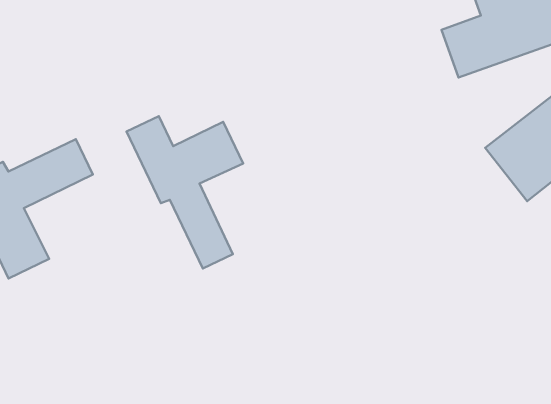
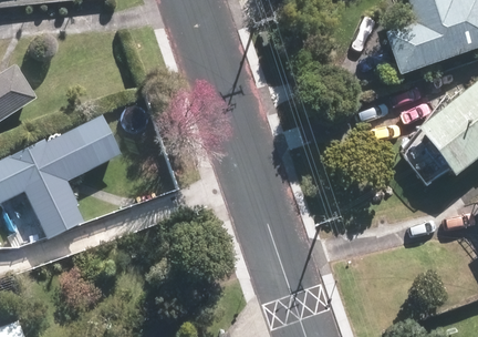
building: [126,116,243,268] -> none

